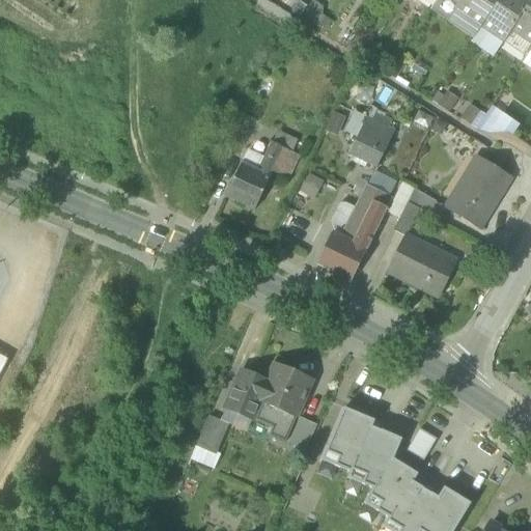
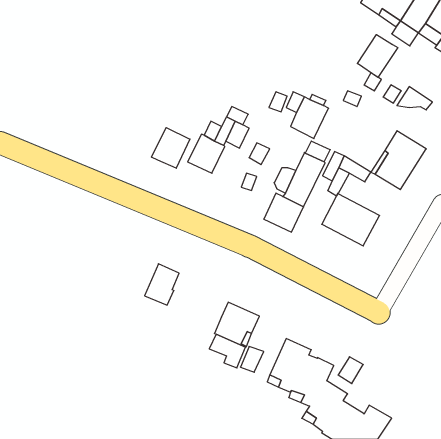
building: none -> [357,35,398,77]
building: none -> [152,128,190,168]
building: [225,368,267,418] -> [145,264,179,305]
building: [197,416,227,450] -> none

